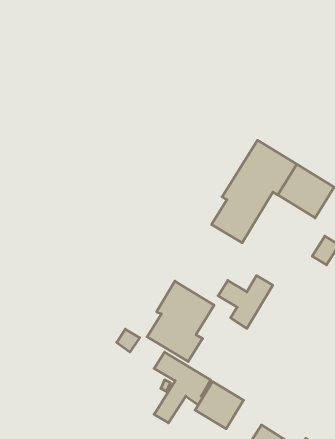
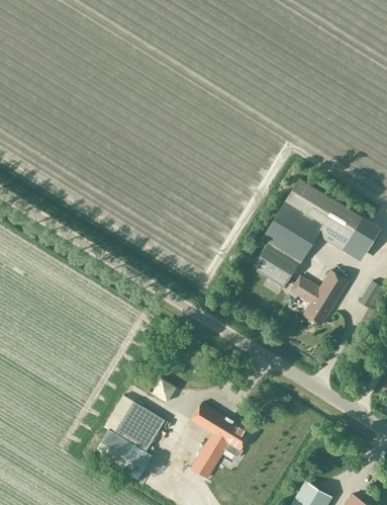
building: [218,276,273,328] -> [290,270,348,326]
building: [147,281,214,362] -> [93,395,164,480]
building: [195,382,244,429] -> none

